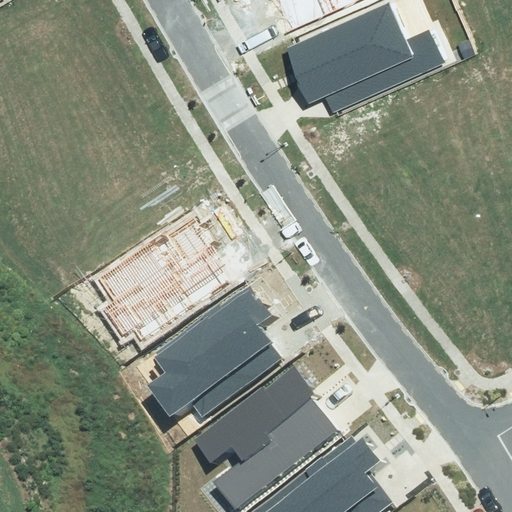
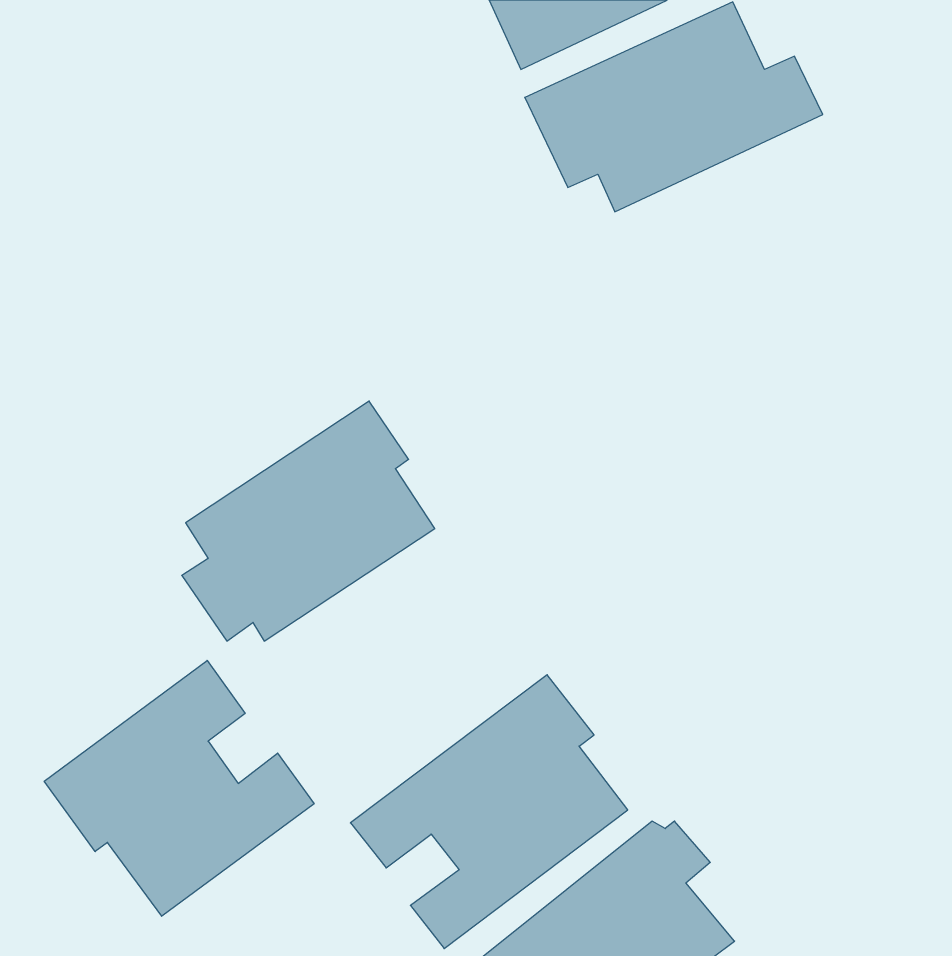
building: [147,284,284,416] -> none
building: none -> [44,660,314,916]

